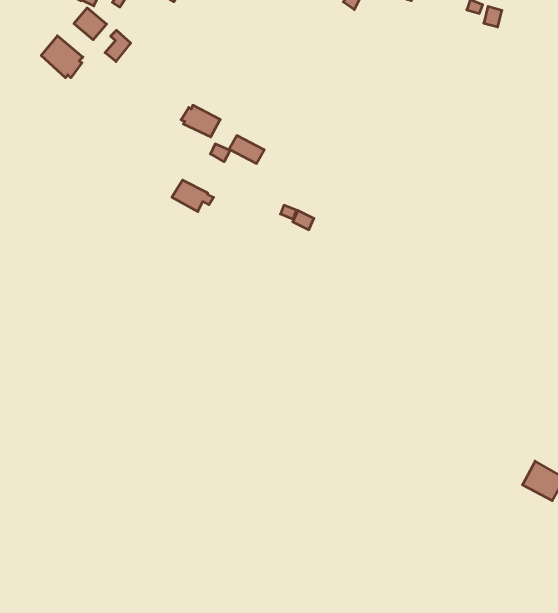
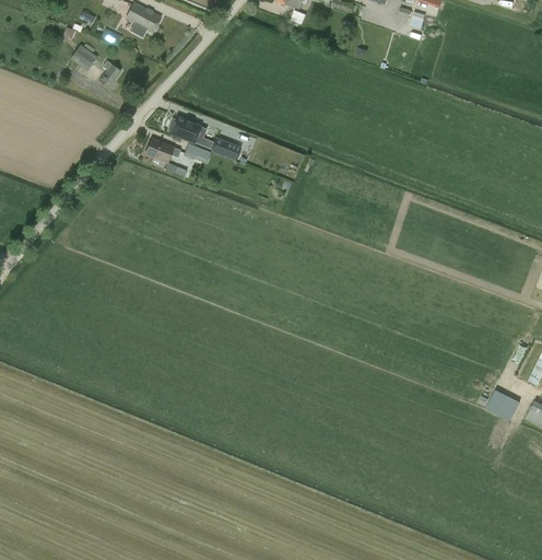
building: [41,36,83,78] -> none
building: [172,180,214,212] -> [145,138,180,163]

